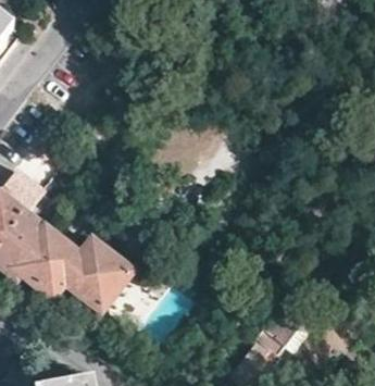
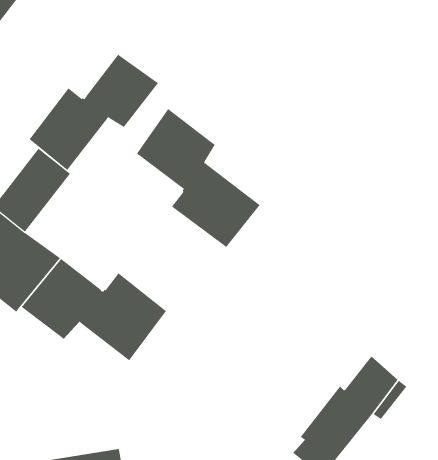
building: none -> [29,54,159,171]
building: none -> [136,108,261,248]

